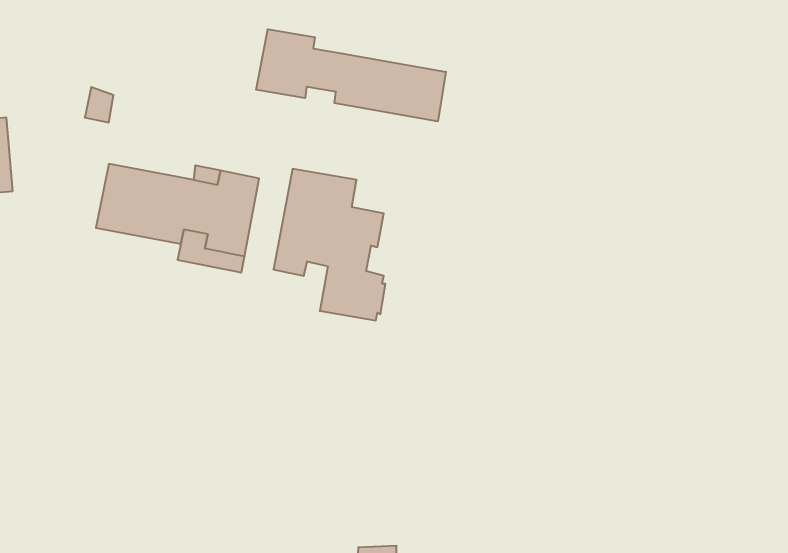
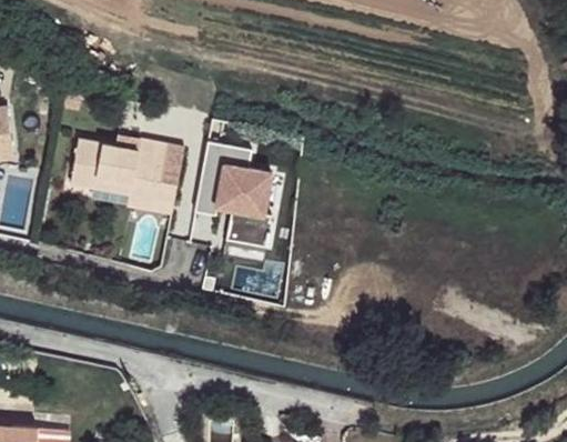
building: [256,29,446,121] -> none

